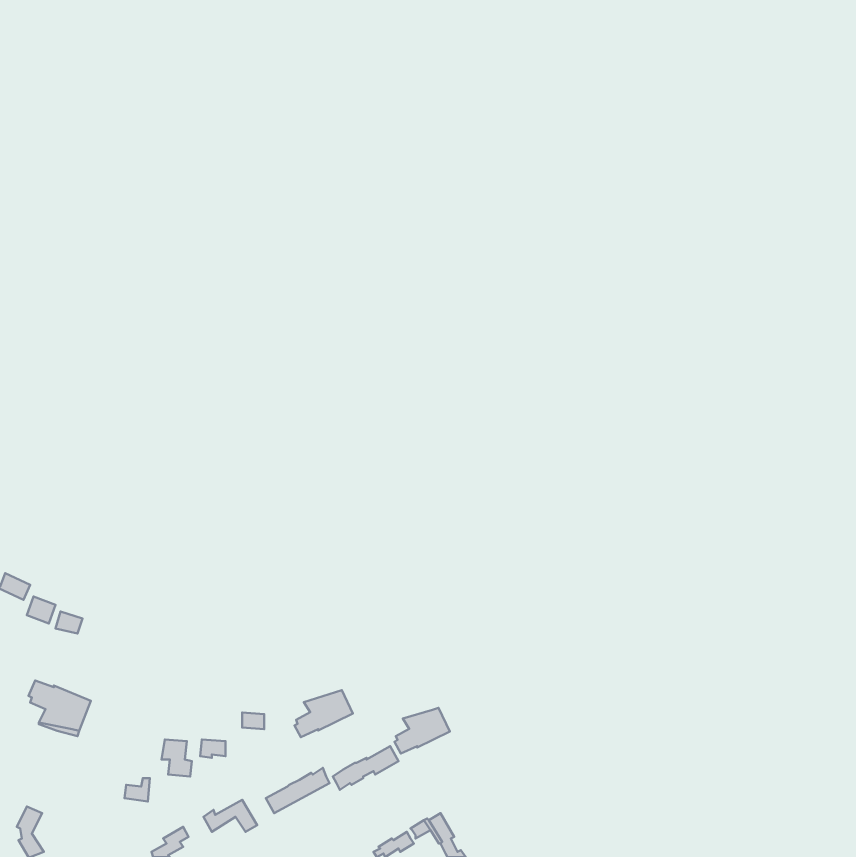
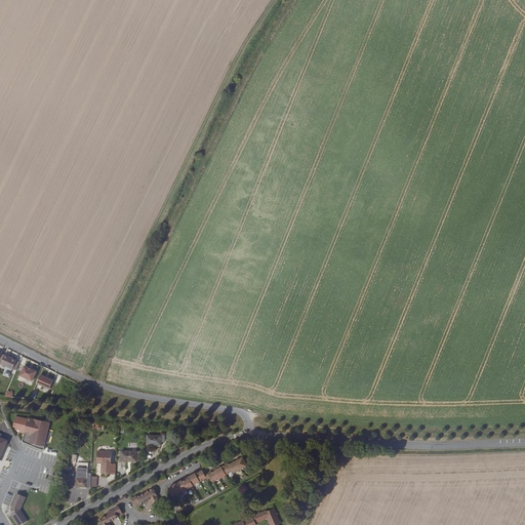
building: [294,690,353,737] -> none
building: [395,708,450,754] -> none

